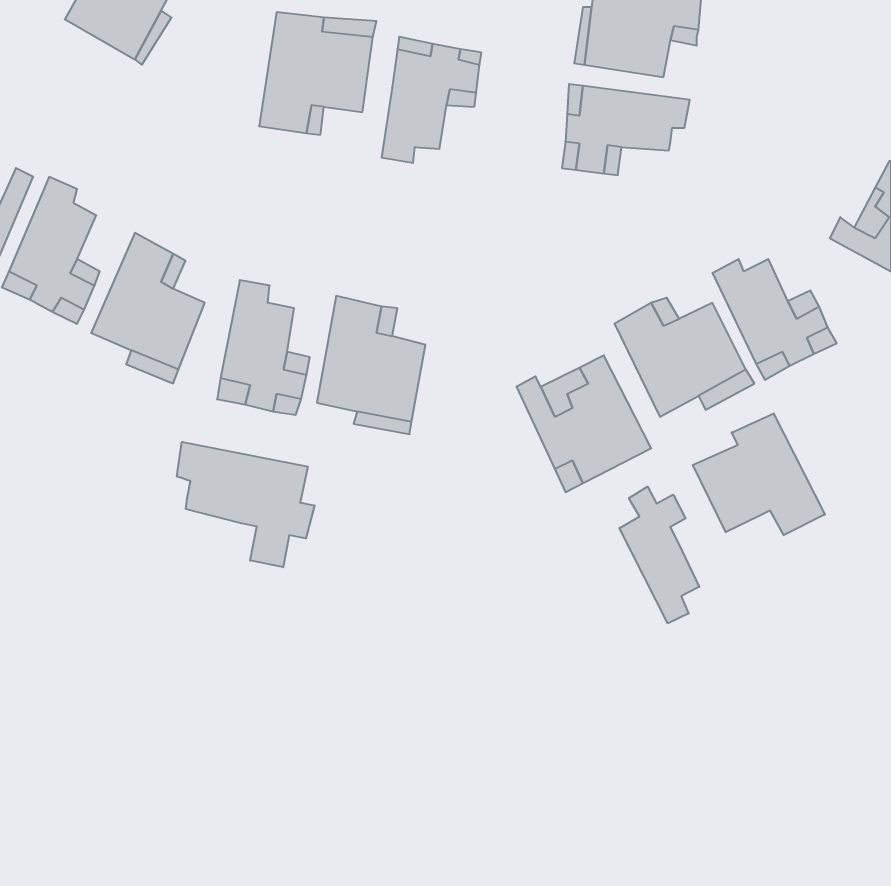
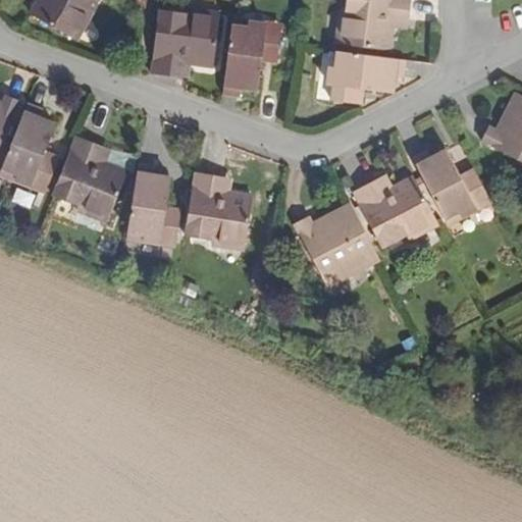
building: [693,413,825,535] -> none
building: [177,442,315,567] -> none
building: [619,487,699,623] -> none

